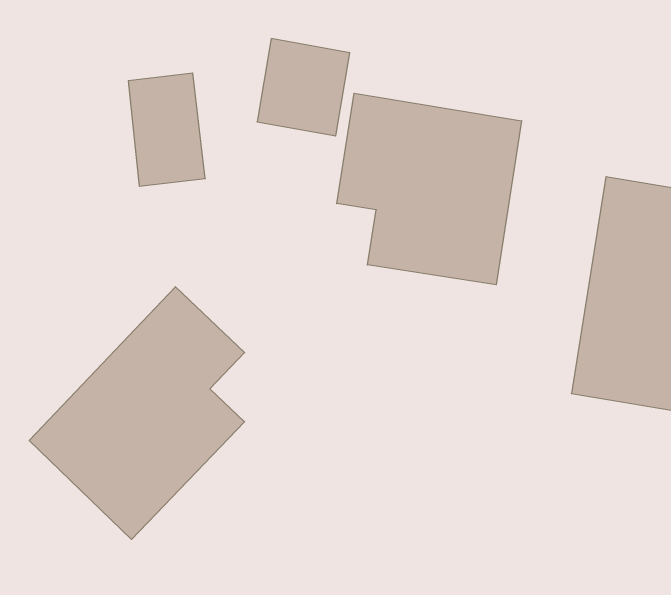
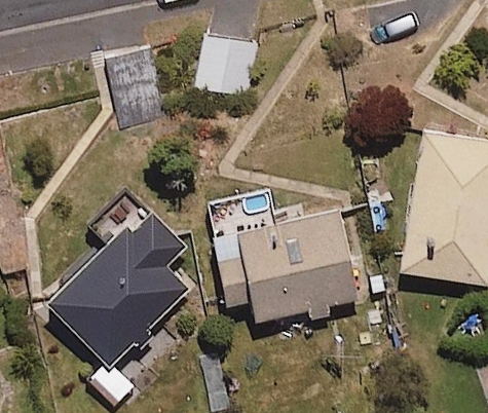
building: [337,93,522,285] -> none
building: none -> [212,213,358,321]

